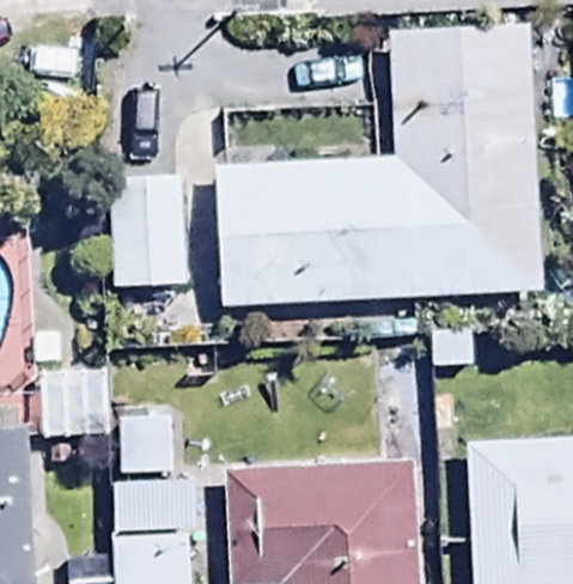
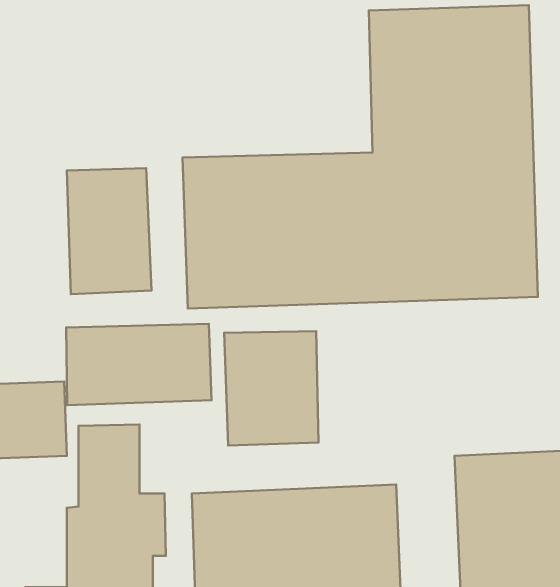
building: none -> [66,324,211,405]
building: none -> [224,331,319,446]

